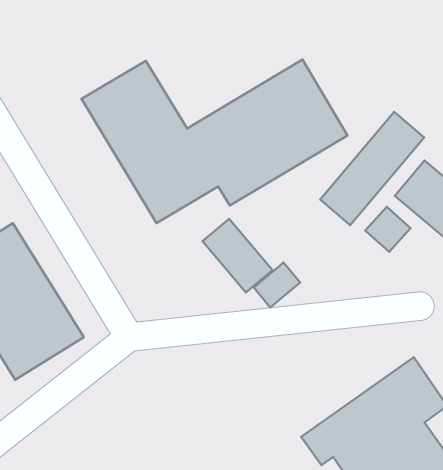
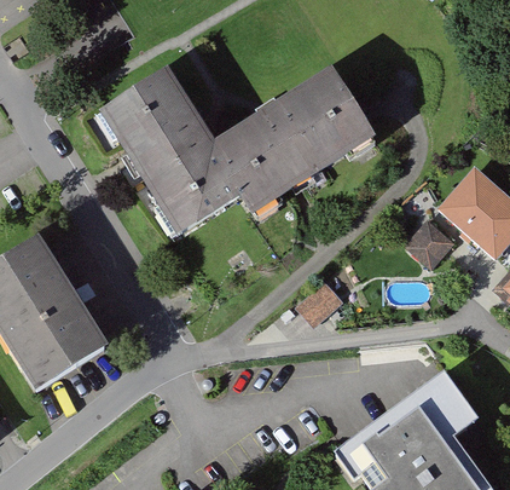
building: [320,112,424,225] -> none
building: [202,219,272,293] -> none

